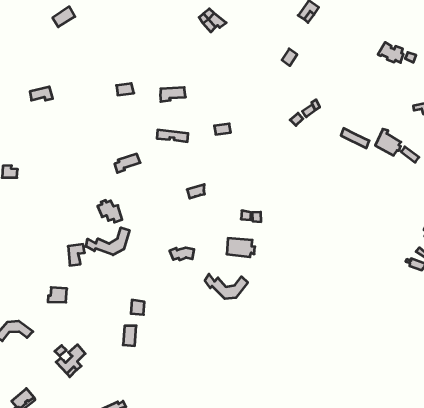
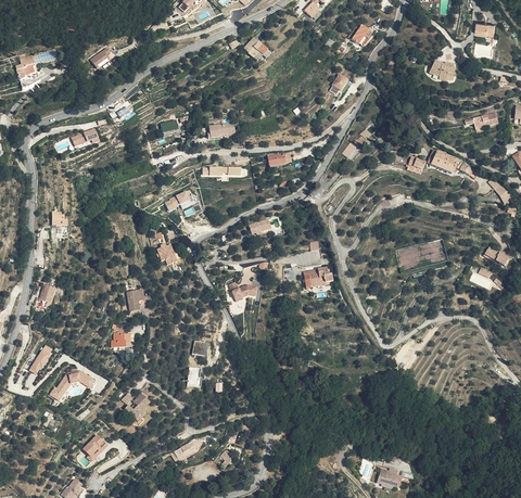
building: [86,228,129,255] -> none
building: [205,274,248,299] -> none

